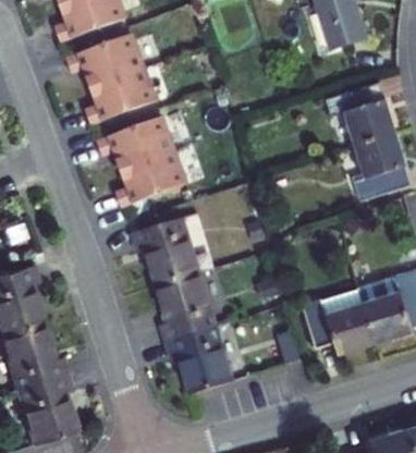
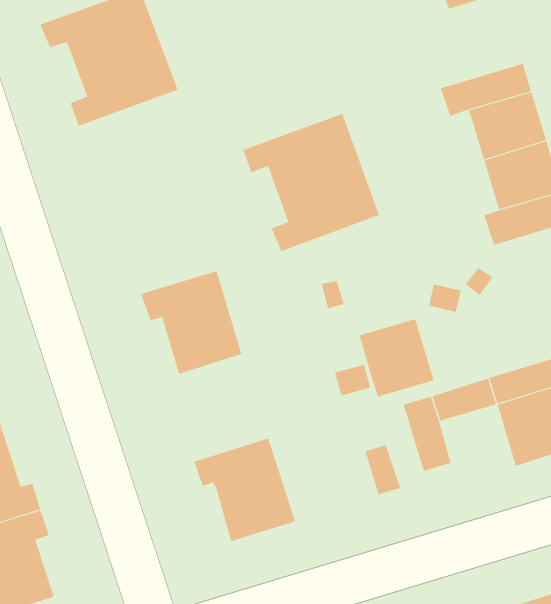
building: [98,117,187,207] -> [242,113,380,252]
building: [157,272,216,342] -> none
building: [327,305,376,356] -> [359,318,434,397]

